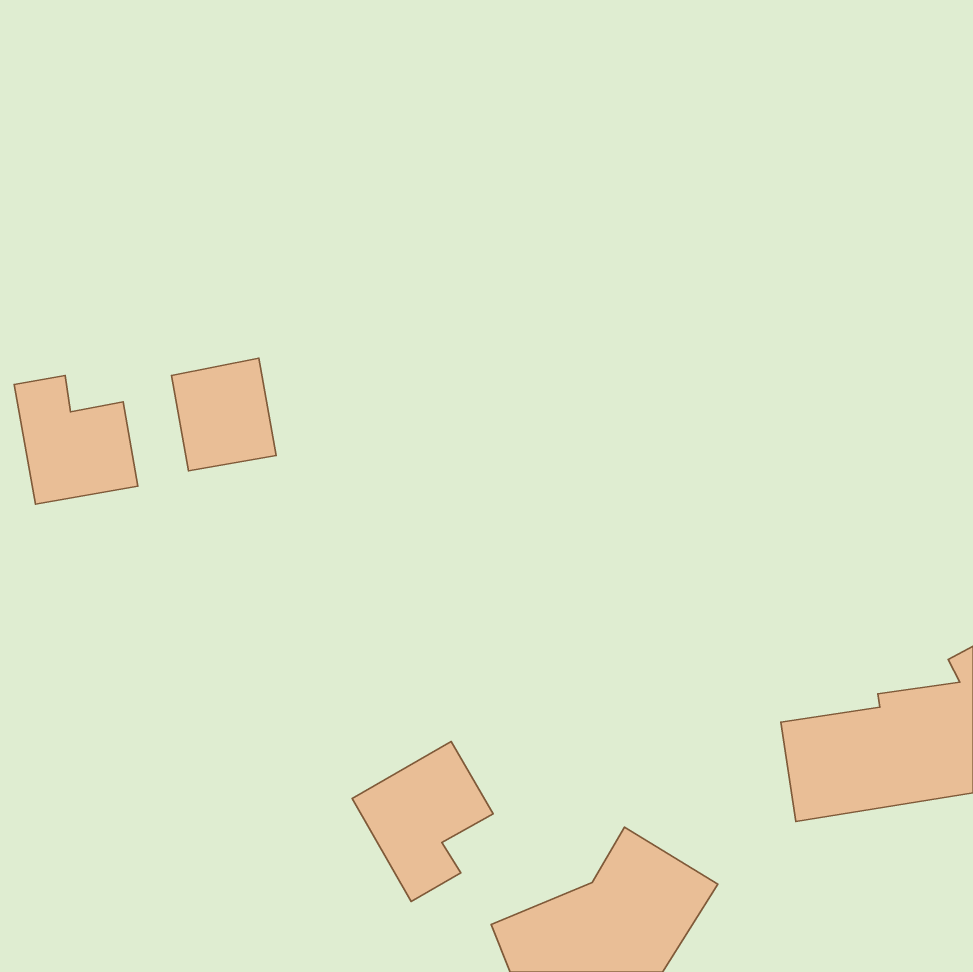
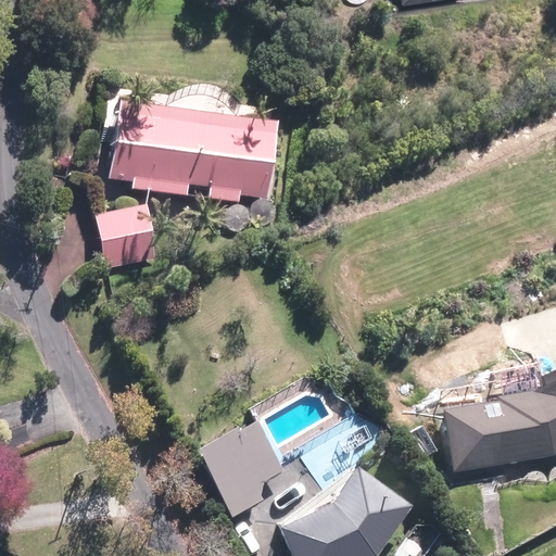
building: none -> [111,110,278,201]
building: [14,376,138,504] -> none

